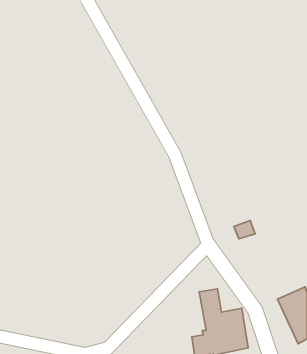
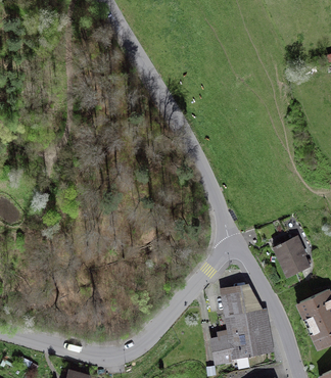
building: none -> [272,236,311,277]

